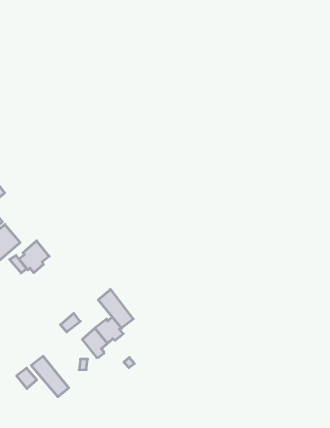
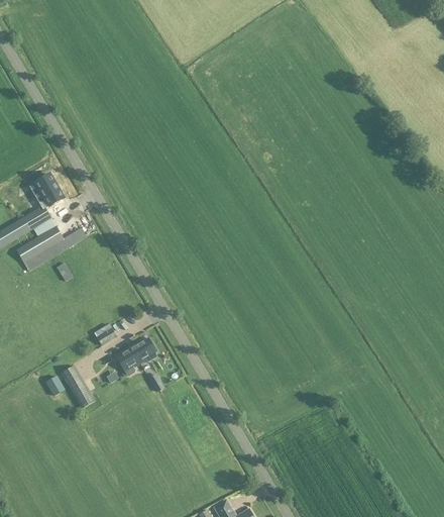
building: [19,241,49,273] -> none
building: [98,289,133,328] -> none

